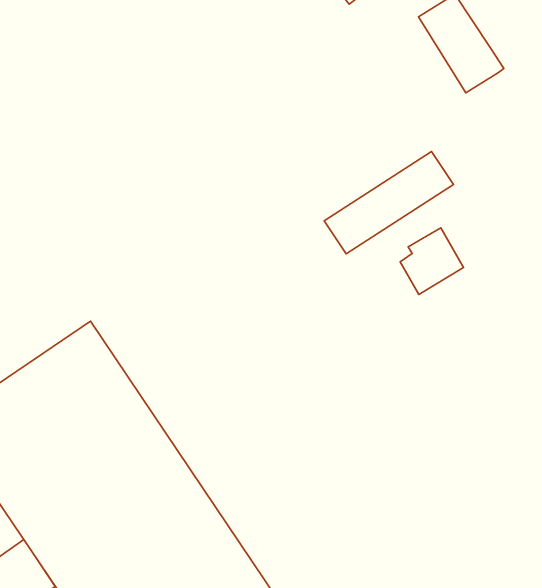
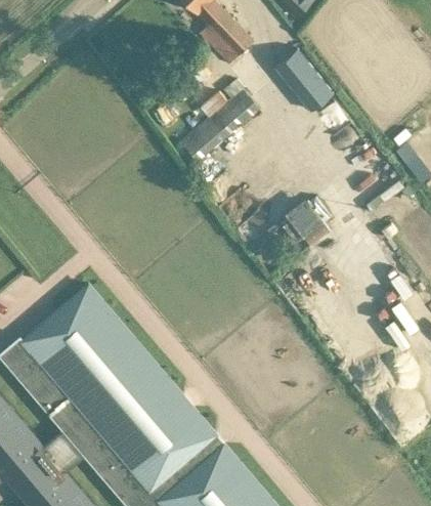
building: [324,151,453,254] -> [180,87,260,159]

